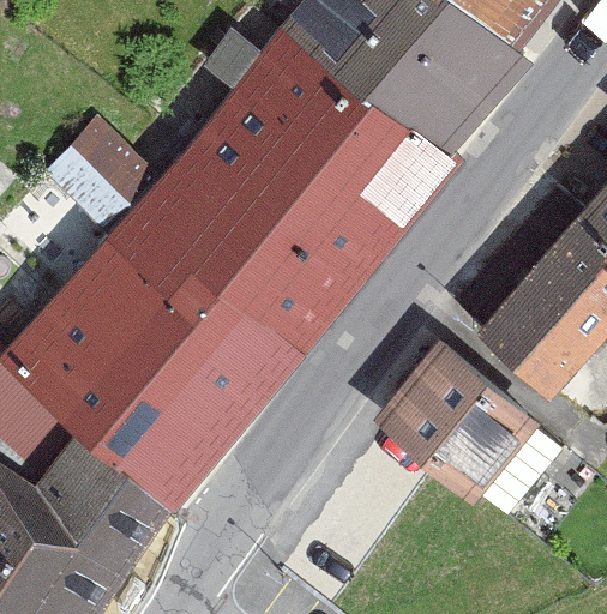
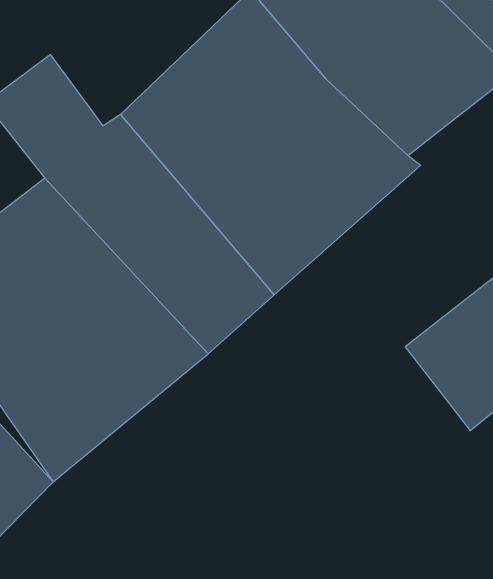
building: [371,342,540,501] -> none

